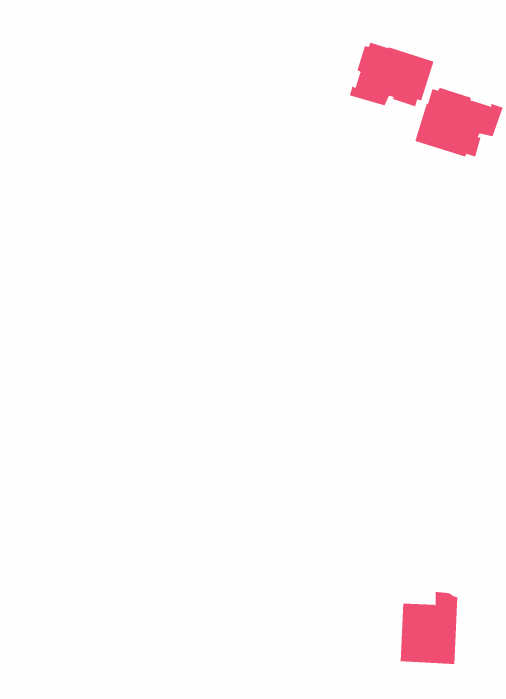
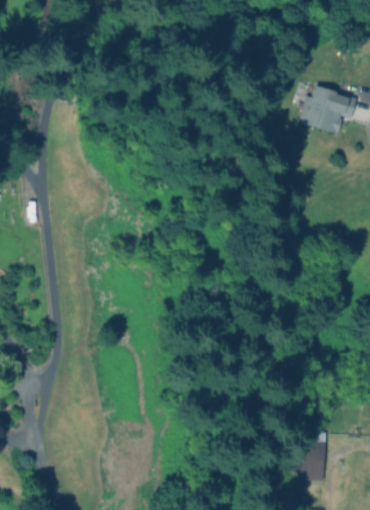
building: [349,42,434,107] -> none

